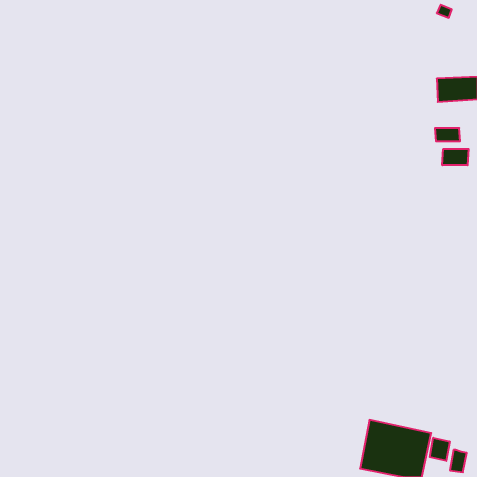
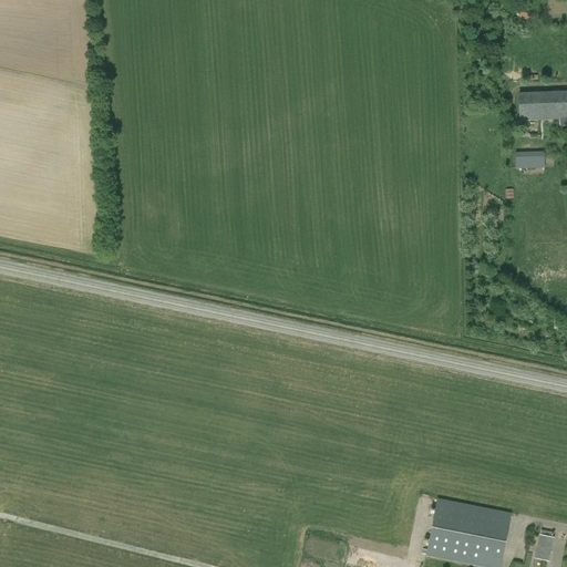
building: [442,149,469,165] -> none
building: [430,438,450,461] -> none

